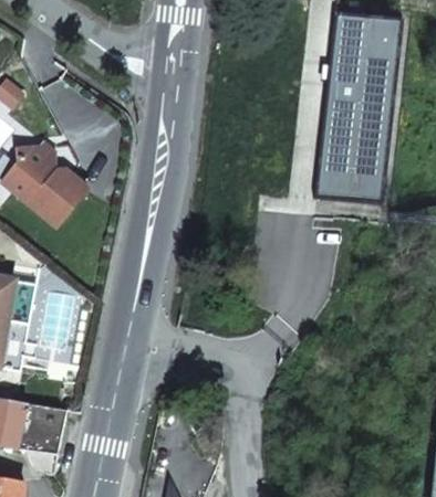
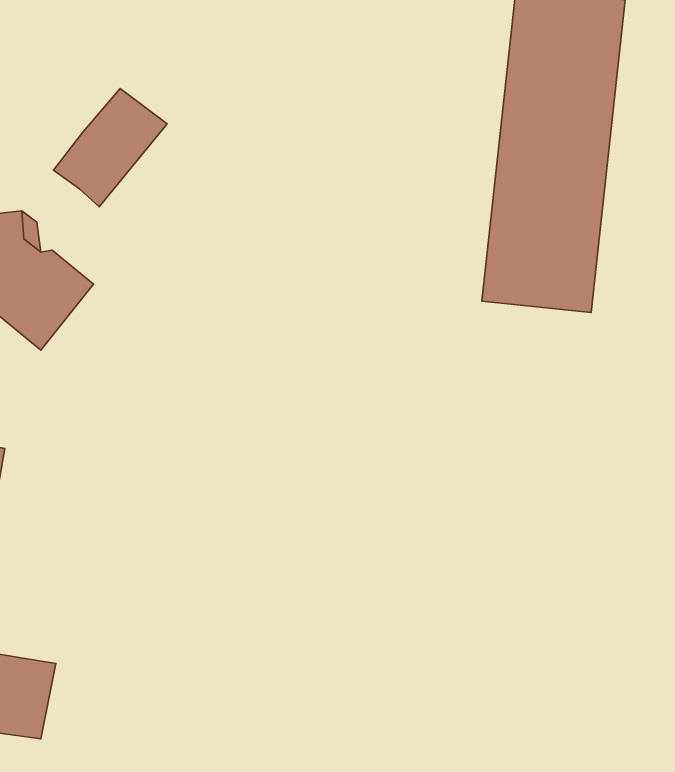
building: none -> [54,89,167,207]

